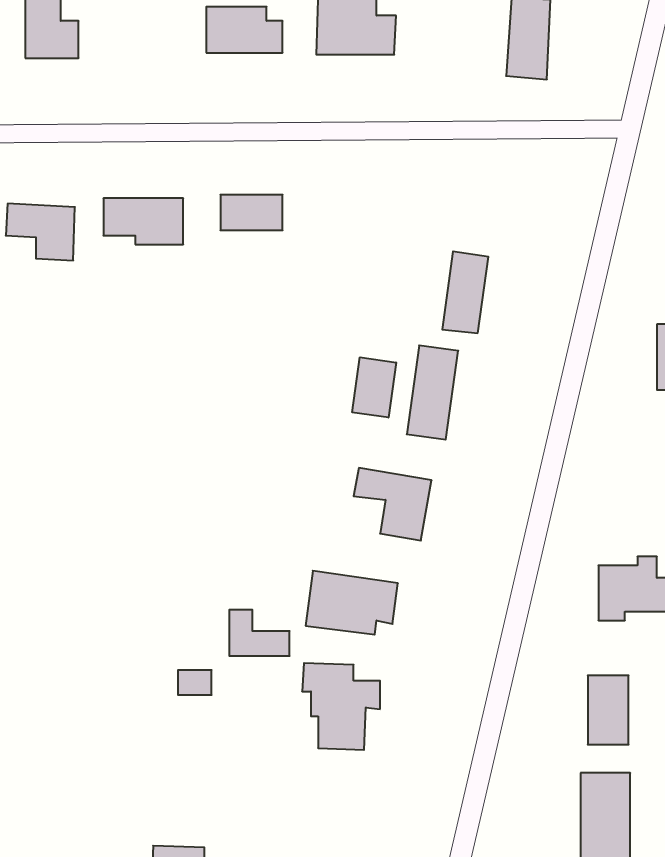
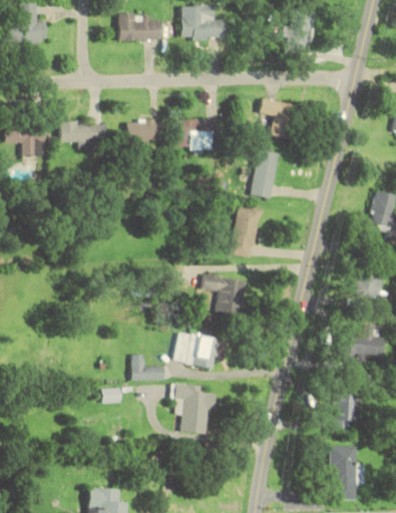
building: none -> [260,100,297,139]
building: none -> [177,120,222,147]
building: [352,357,396,418] -> none

